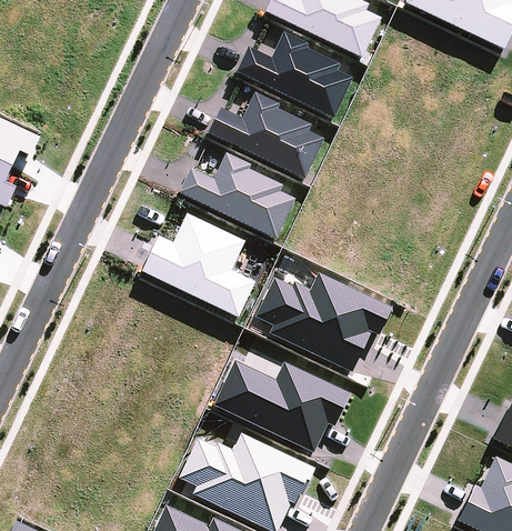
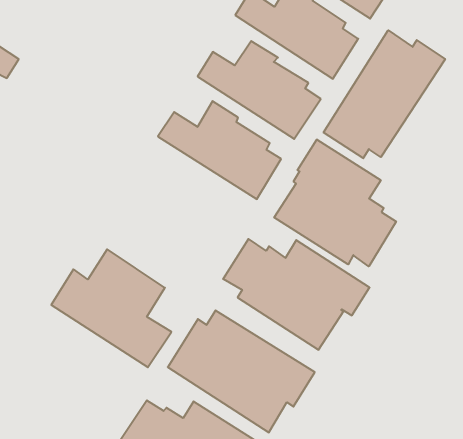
building: none -> [324,30,445,158]
building: none -> [274,139,396,266]
building: [141,212,255,317] -> [51,249,171,367]

